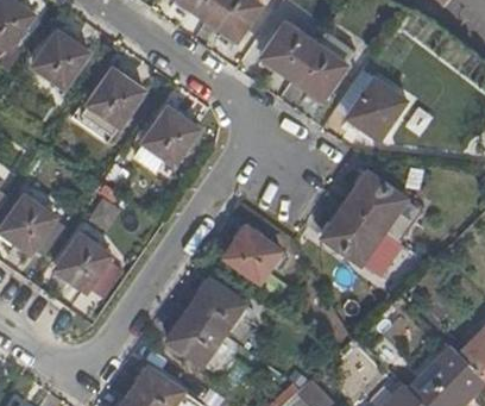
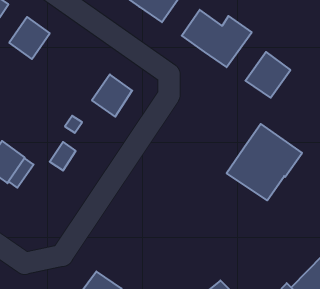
building: [75,70,141,145] -> none
building: [223,229,281,283] -> none
building: [55,236,109,291] -> none
building: [166,281,244,366] -> none

